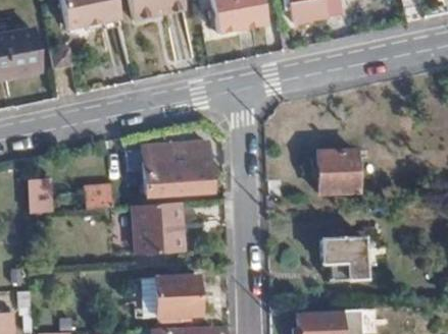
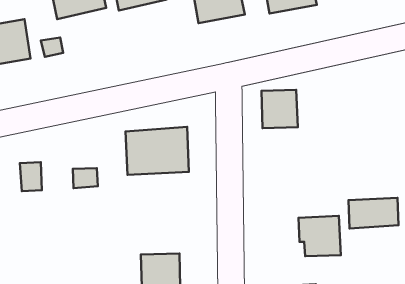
building: [319,152,358,192] -> [261,90,298,128]
building: [133,203,183,254] -> none
building: none -> [348,198,399,228]

